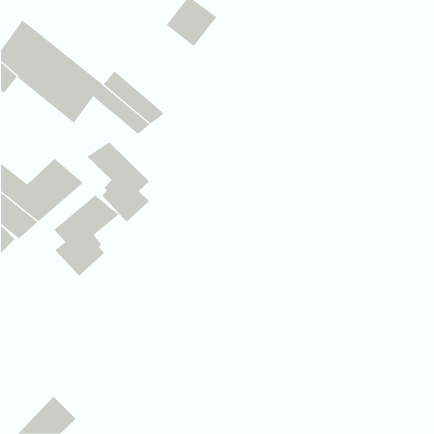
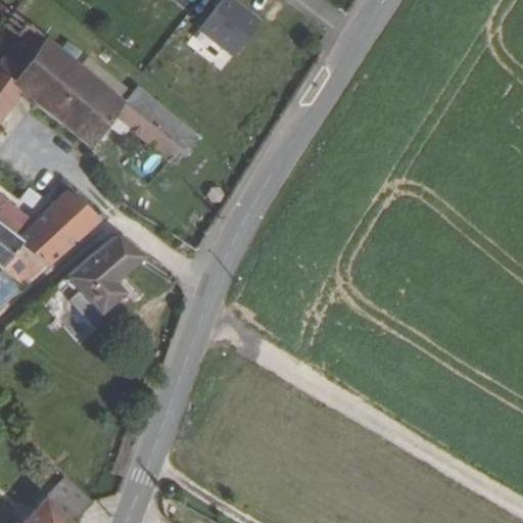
building: [87,141,150,222] -> none

